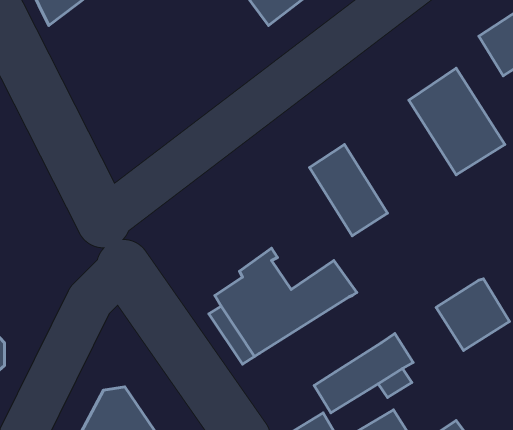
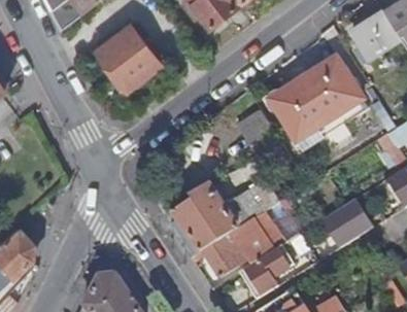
building: none -> [97,24,163,91]
building: none -> [268,79,336,151]
building: none -> [203,211,285,278]

